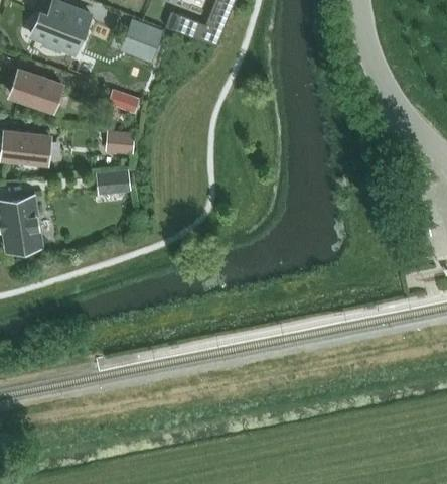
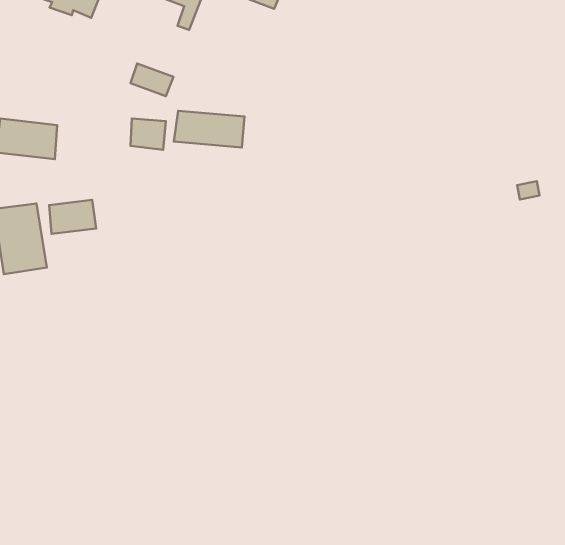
building: [10,70,61,110] -> none
building: none -> [174,111,245,148]
building: [95,169,131,196] -> [49,200,96,234]

